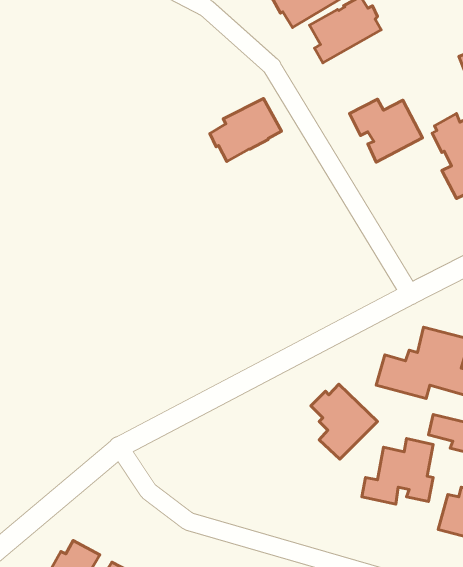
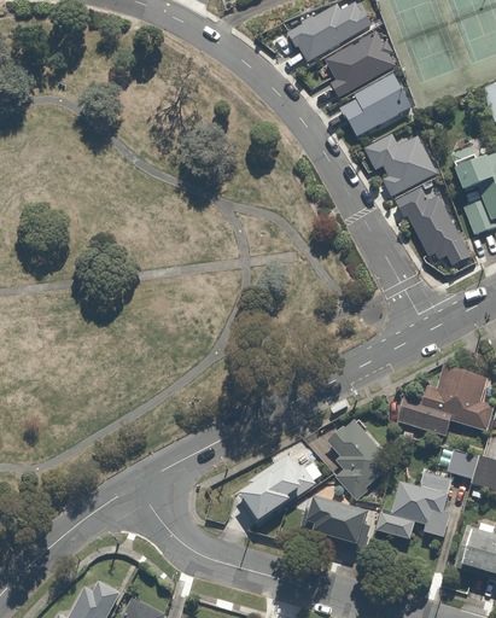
building: [210,98,282,161] -> [343,75,414,138]
building: none -> [398,188,473,267]
building: none -> [233,454,323,518]
building: none -> [300,494,369,553]

